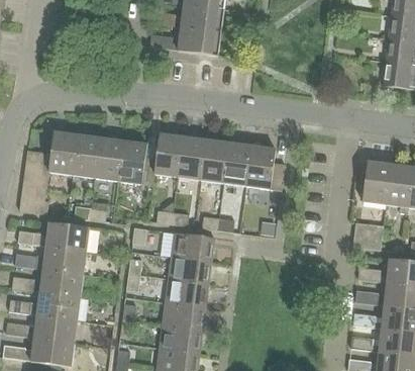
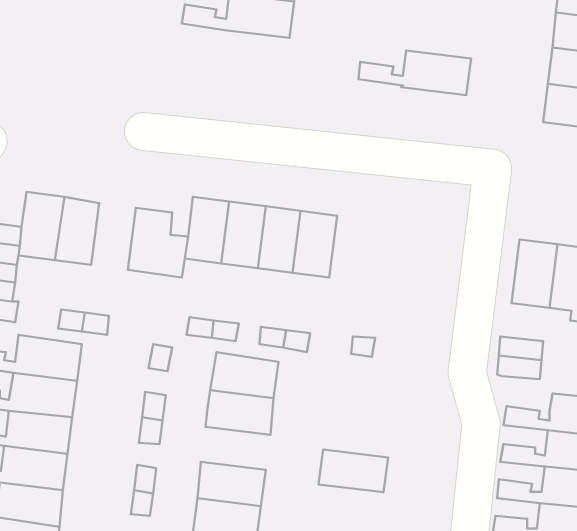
building: [148,27,220,56] -> [358,51,471,95]
building: [94,137,122,180] -> none
building: [245,146,284,190] -> none
building: [164,280,208,307] -> [318,449,388,492]

